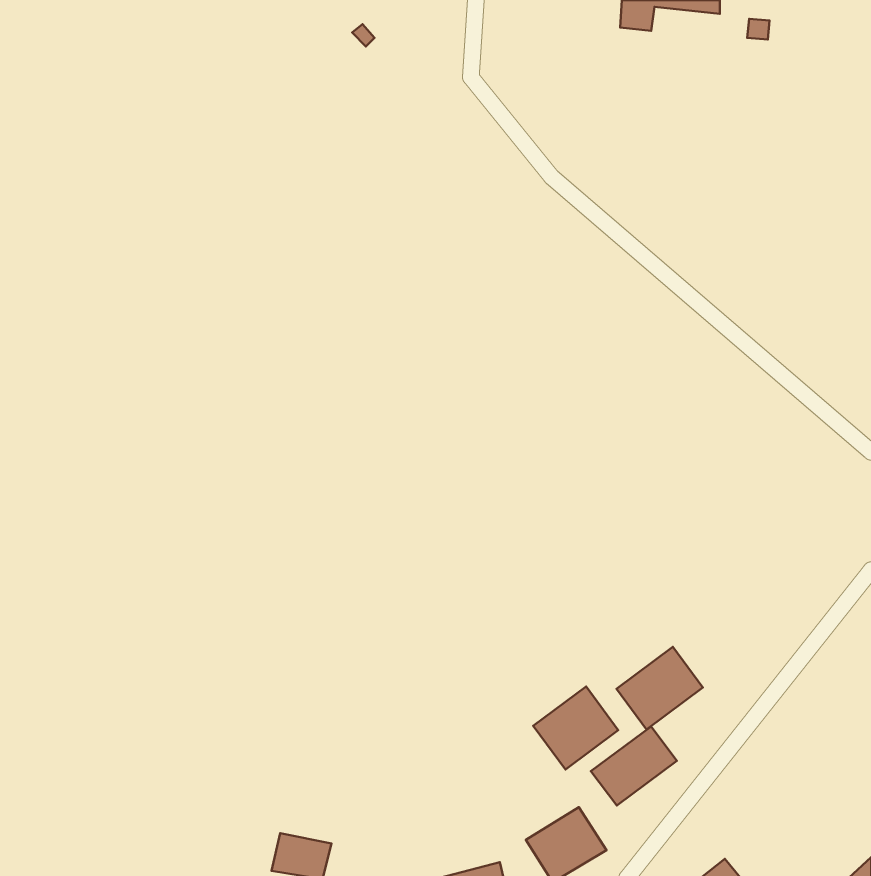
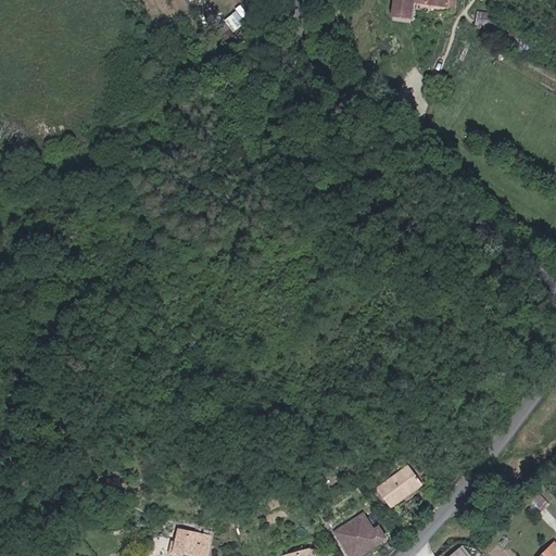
building: [616,647,703,729] -> none
building: [533,687,618,769] -> none

